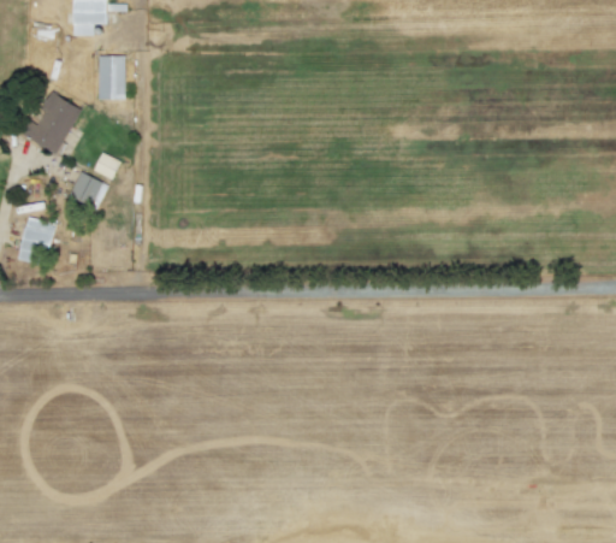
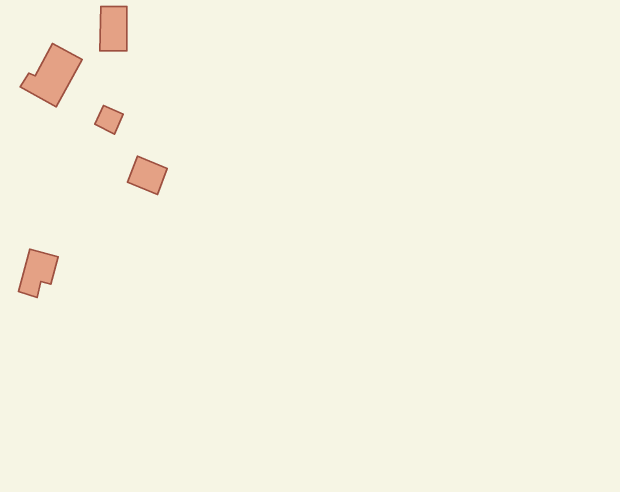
building: [69,171,107,208] -> [128,156,167,195]
building: [17,217,55,264] -> [19,249,58,298]

